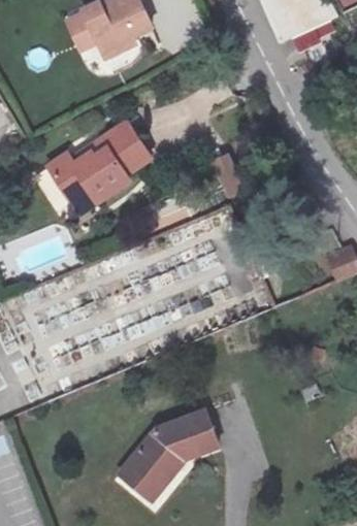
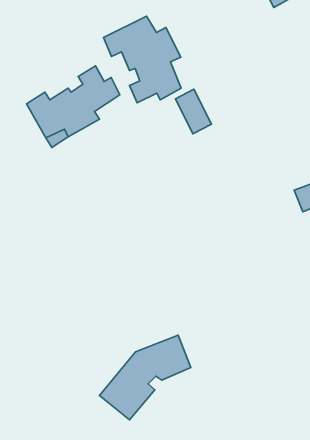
building: none -> [103,16,181,103]

